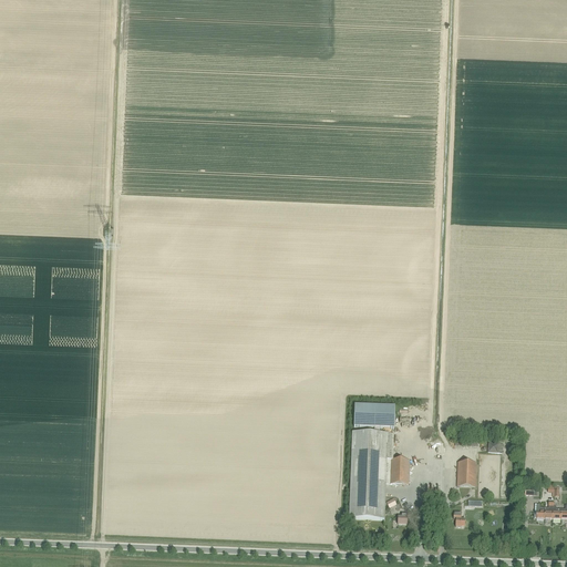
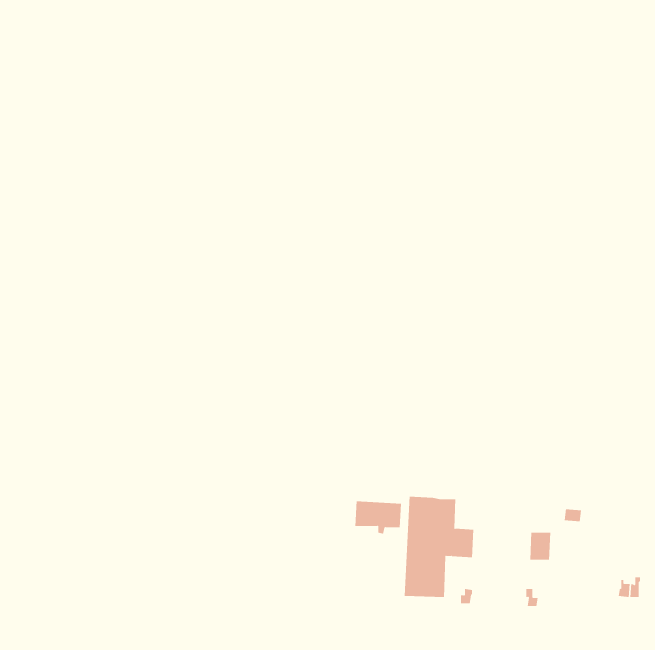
building: [354,402,395,431] -> [354,501,402,534]

